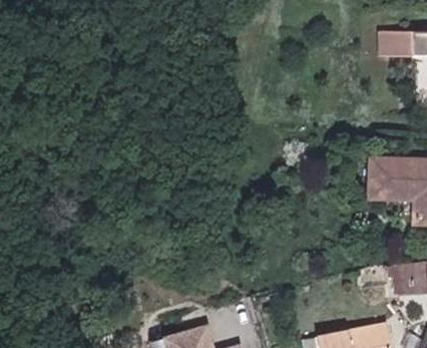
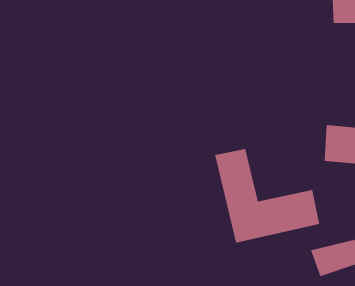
building: none -> [214,148,320,244]

